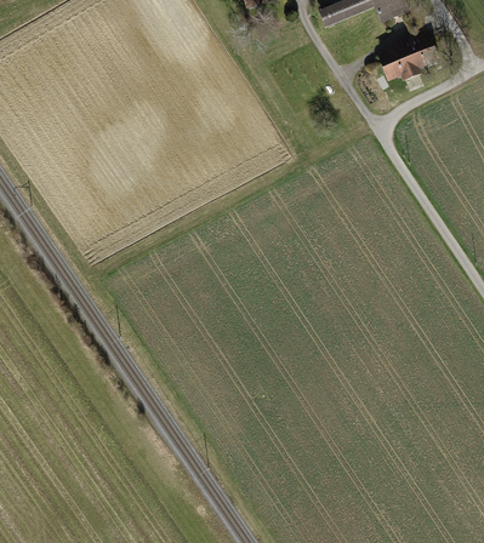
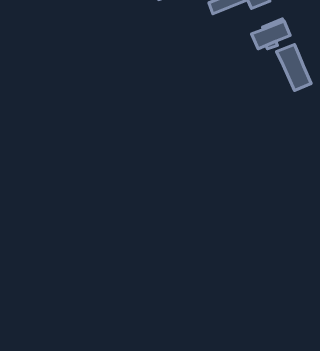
building: none -> [277,44,311,91]

